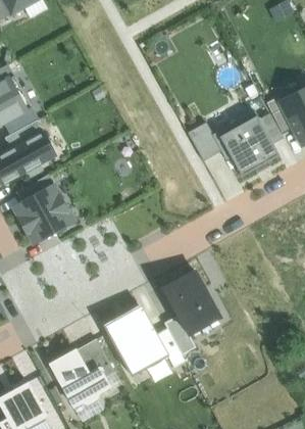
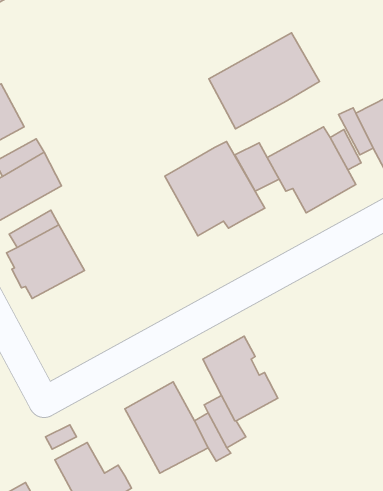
building: none -> [209,33,319,129]
building: none -> [165,141,265,236]
building: [75,339,114,377] -> none

